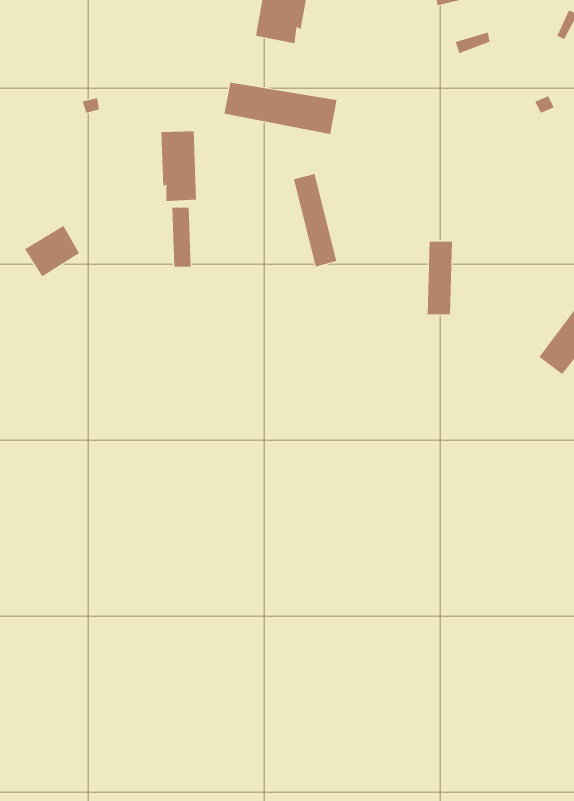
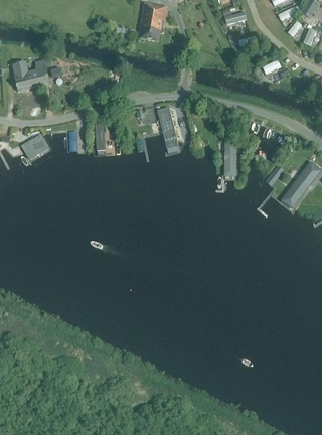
building: [224,82,337,135] -> none
building: none -> [13,62,47,90]
building: [161,130,196,202] -> none

